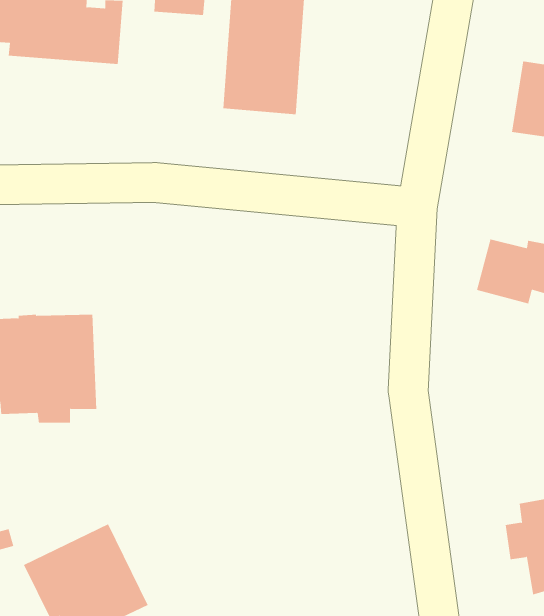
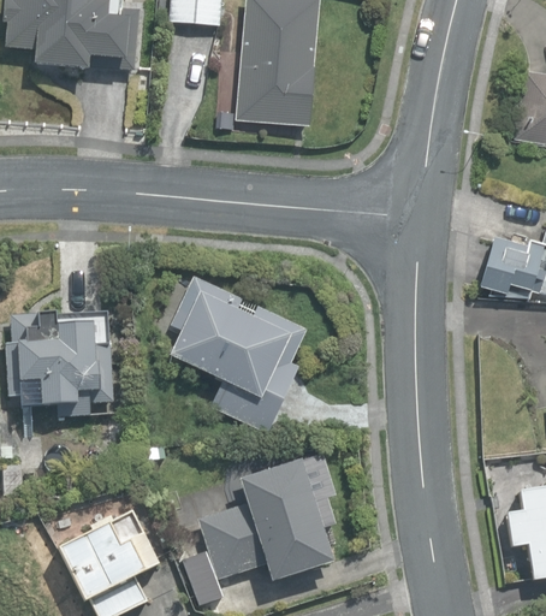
building: none -> [170,277,307,433]
building: none -> [197,460,333,581]

